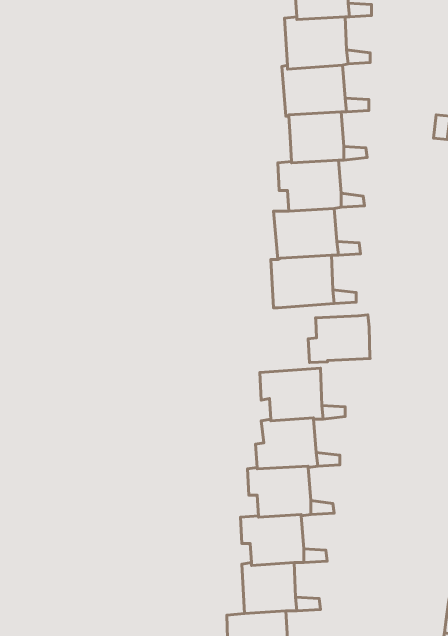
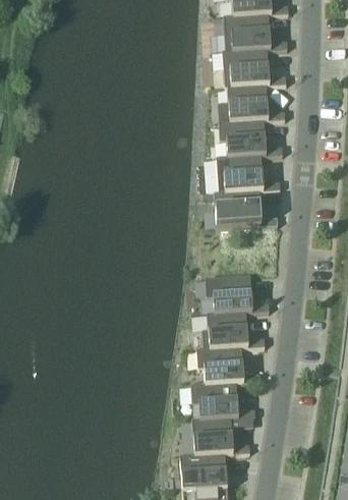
building: [308,315,370,362] -> none

